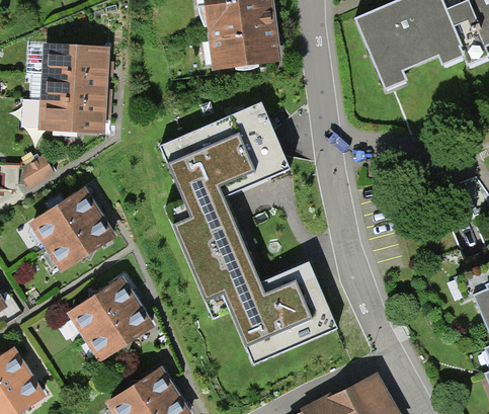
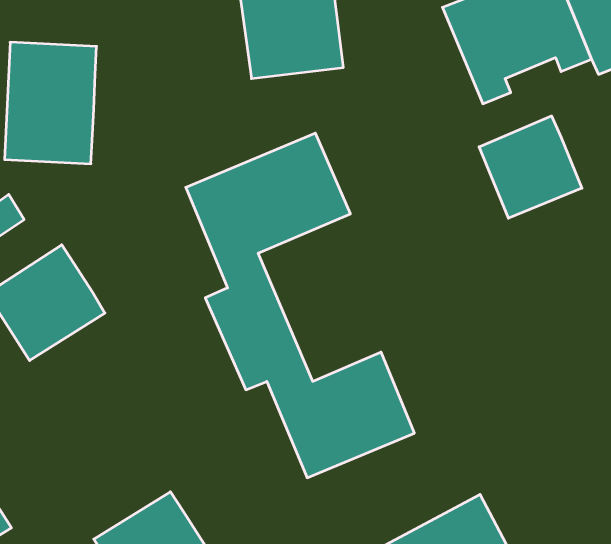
building: none -> [479,116,582,218]
building: [64,278,150,362] -> none

